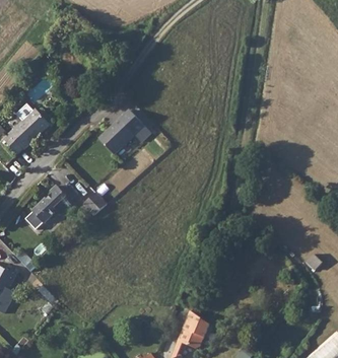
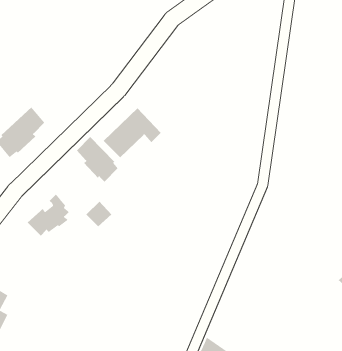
building: none -> [76,136,119,182]

